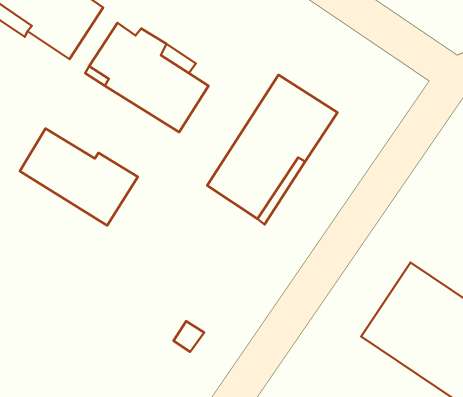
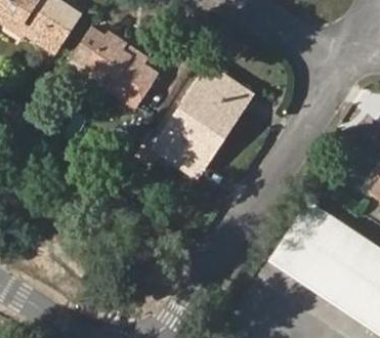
building: [20,129,138,226] -> none

